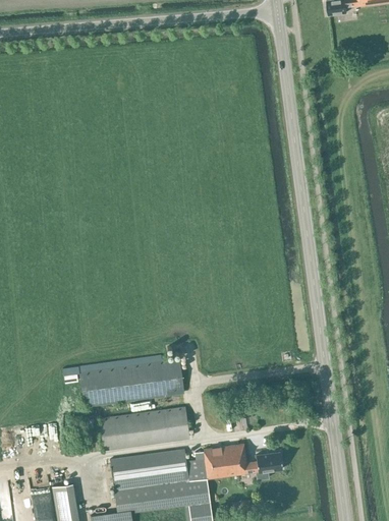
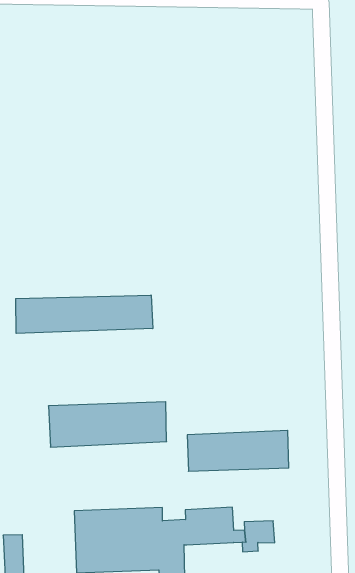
building: none -> [16,295,153,333]
building: [101,407,189,450] -> [187,430,289,471]

